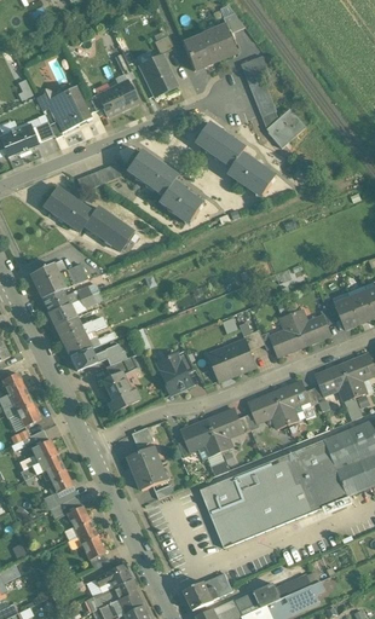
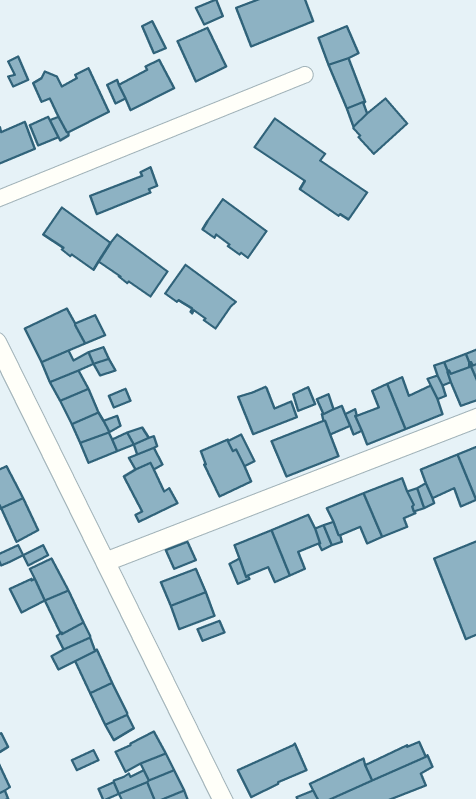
building: [125,150,175,196] -> [165,265,236,329]
building: none -> [238,387,297,434]
building: [200,439,347,548] -> none

